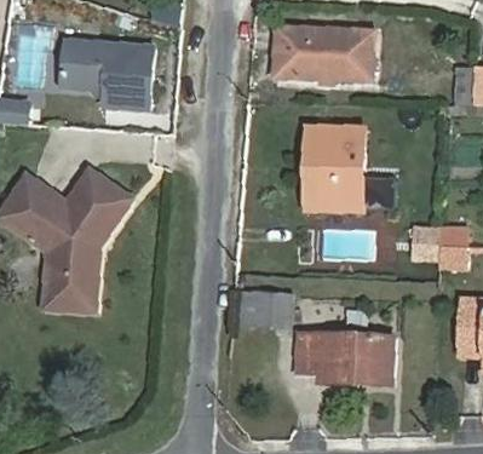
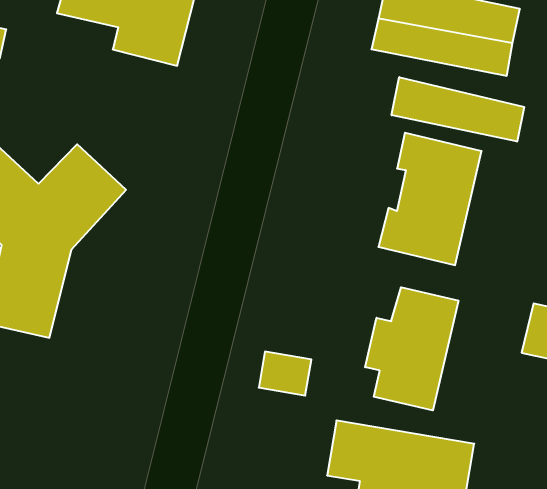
building: none -> [392,77,524,142]
building: none -> [365,287,458,410]

